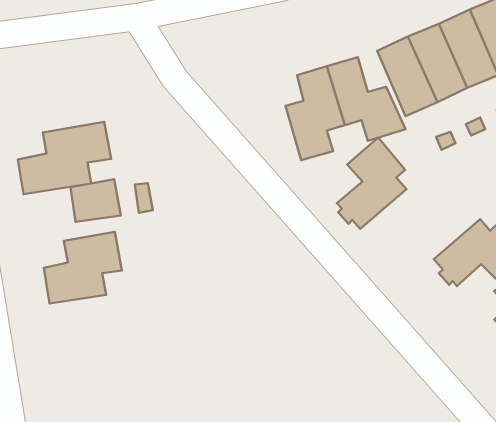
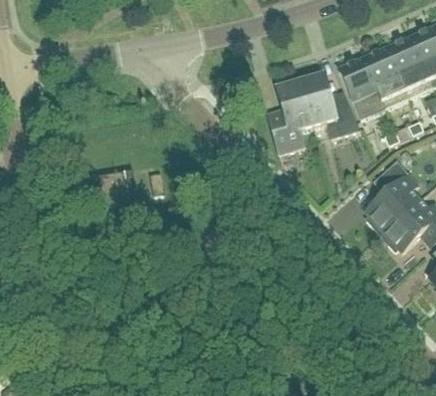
building: [18,122,111,194] -> none
building: [337,138,406,229] -> [365,159,419,230]
building: [44,232,122,304] -> none

